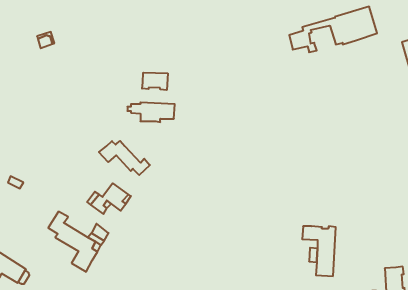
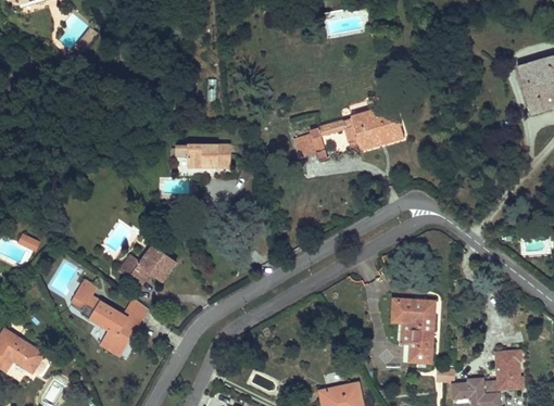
building: [289,7,377,52] -> [293,103,404,161]
building: [142,73,168,90] -> none
building: [99,141,150,175] -> none

